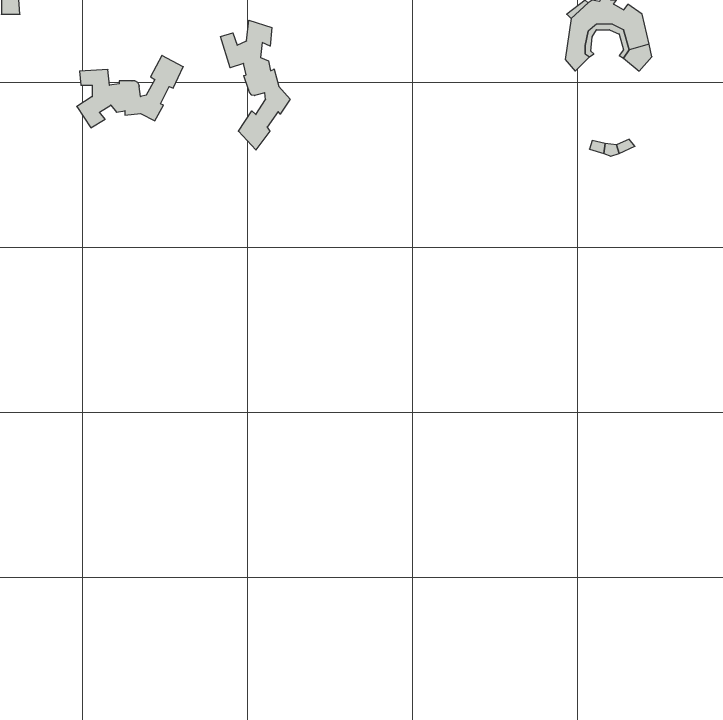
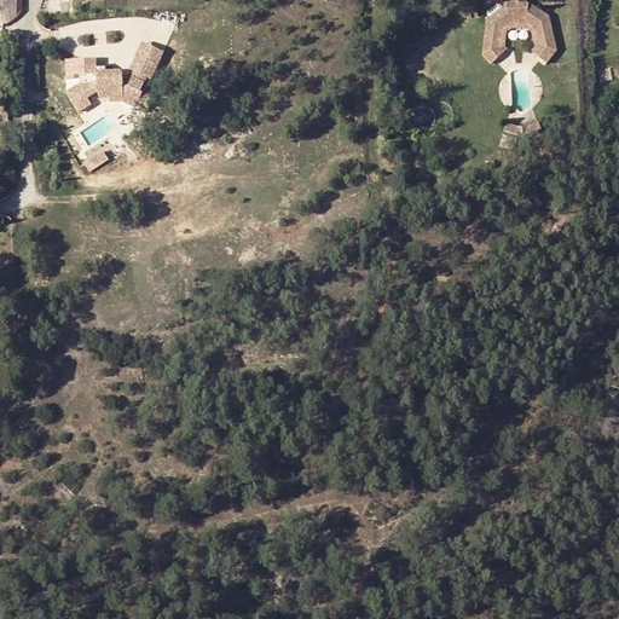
building: [221,20,290,150] -> none

